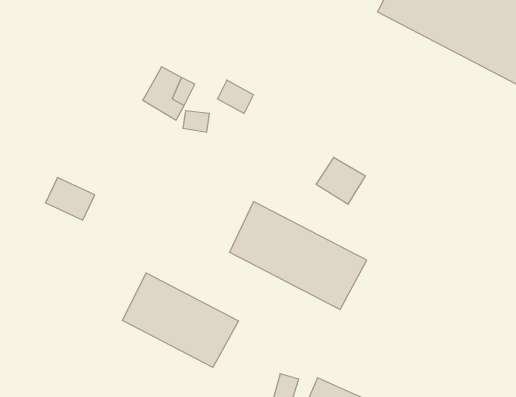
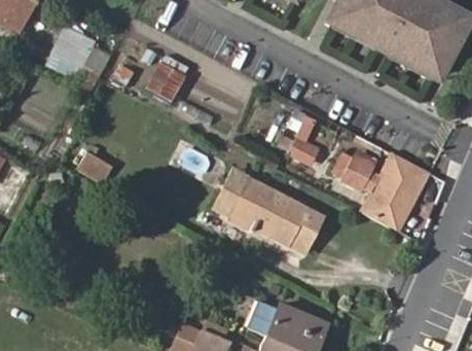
building: none -> [57,29,97,67]
building: none -> [335,151,423,232]
building: [122,273,239,367] -> none

